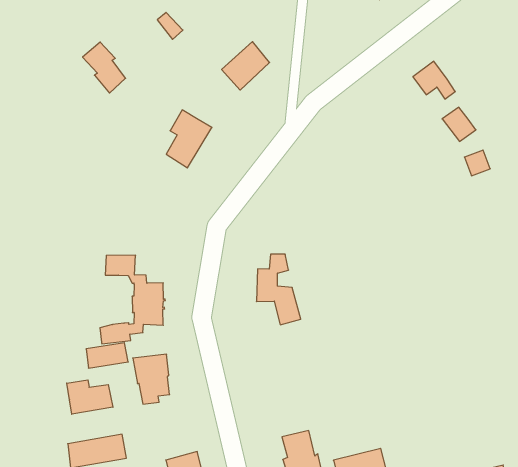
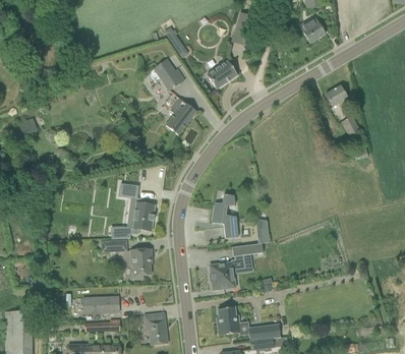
building: [83,42,126,93] -> [155,59,180,92]
building: none -> [210,243,264,289]
building: [67,380,113,414] -> none

